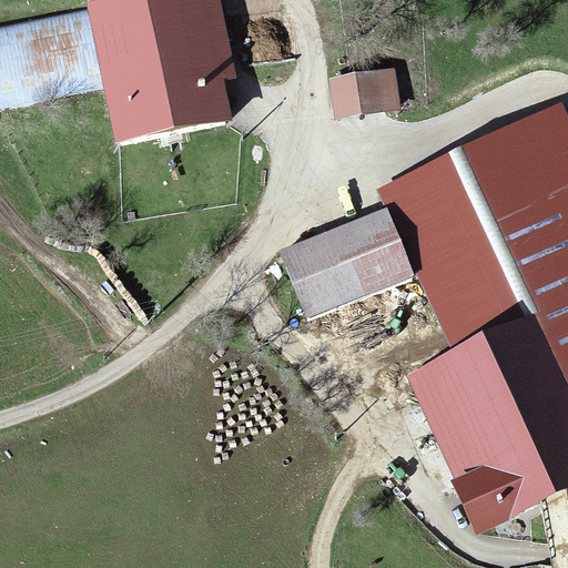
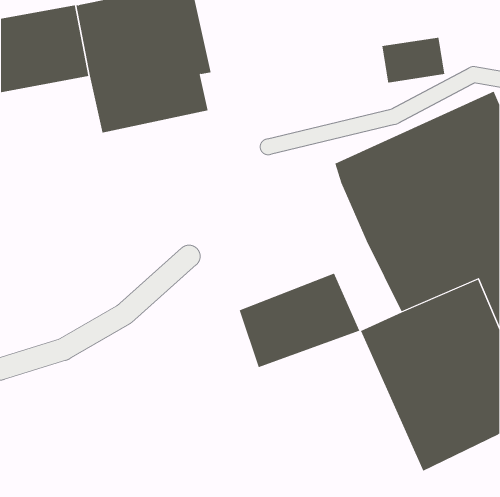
building: [329,68,402,120] -> [382,37,445,83]
building: [277,207,415,315] -> [239,273,360,368]

